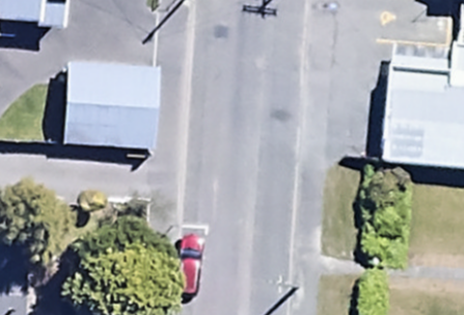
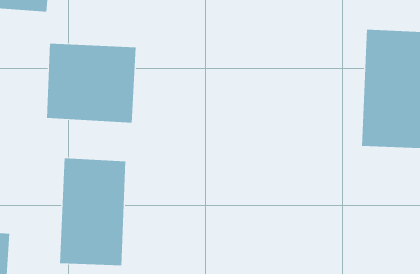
building: none -> [59,157,126,266]

